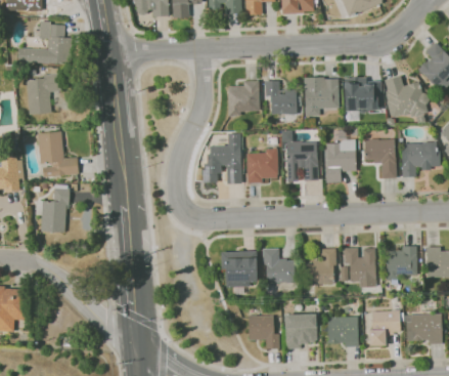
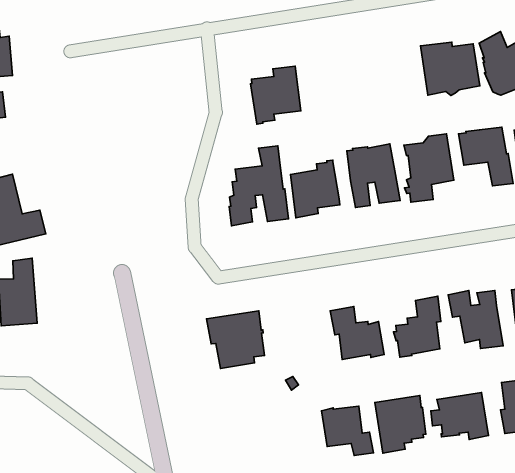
building: [304,77,340,116] -> none
building: [266,81,298,115] -> none
building: [222,251,259,287] -> [207,311,264,369]

